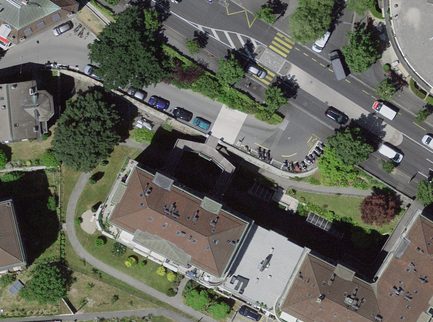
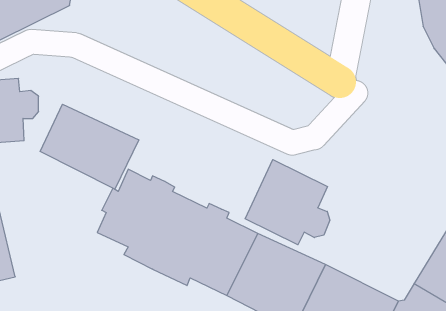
building: none -> [40,104,139,189]
building: none -> [245,160,330,245]

